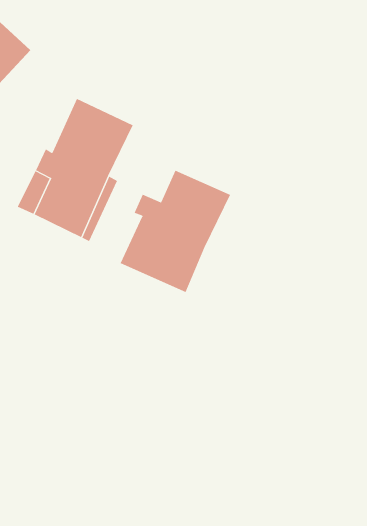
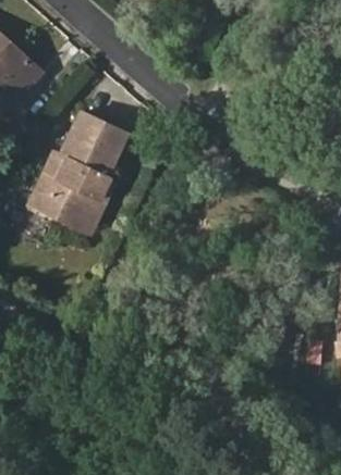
building: [120,170,231,293] -> none

